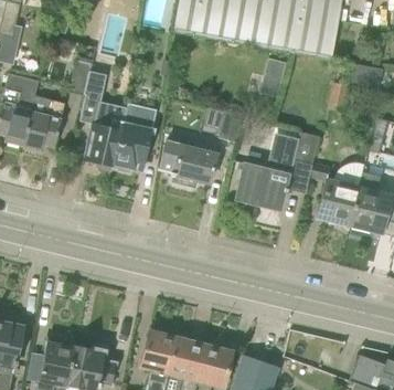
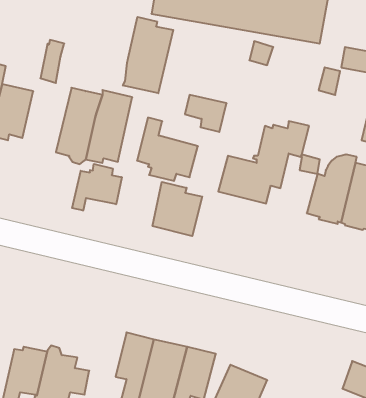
building: none -> [123,17,173,93]
building: none -> [72,164,122,211]
building: none -> [153,182,202,236]

